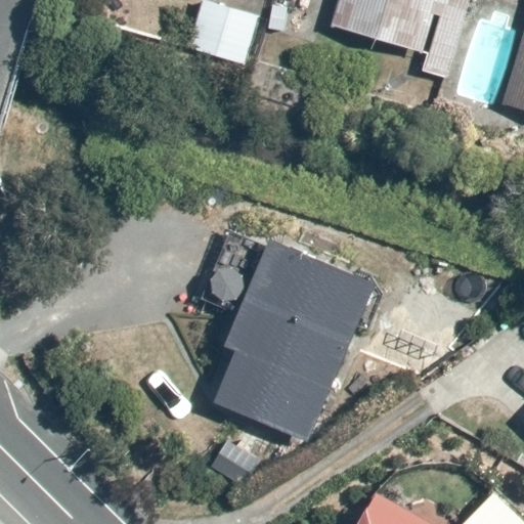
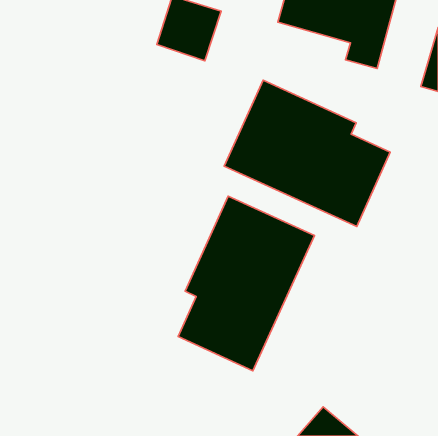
building: none -> [224,80,390,227]

